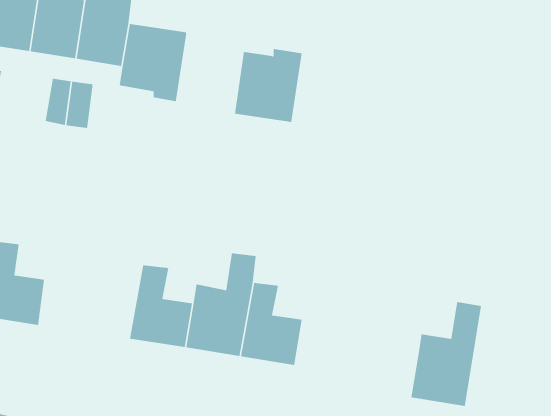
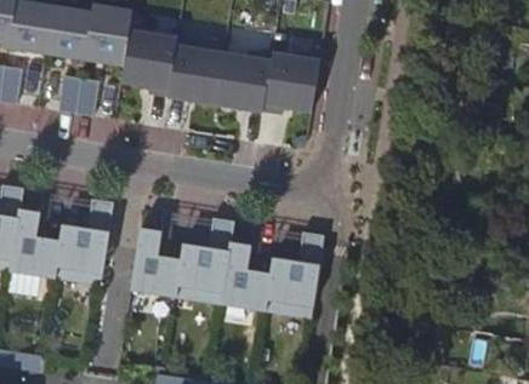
building: none -> [167,40,223,104]
building: none -> [263,53,320,114]
building: none -> [56,199,114,285]
building: [411,301,482,406] -> [266,231,324,317]

